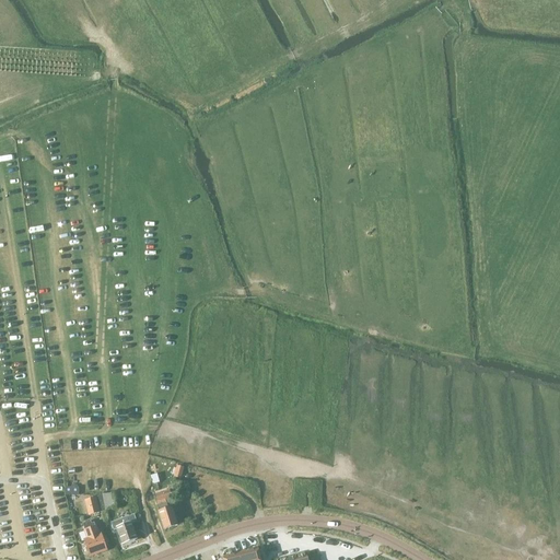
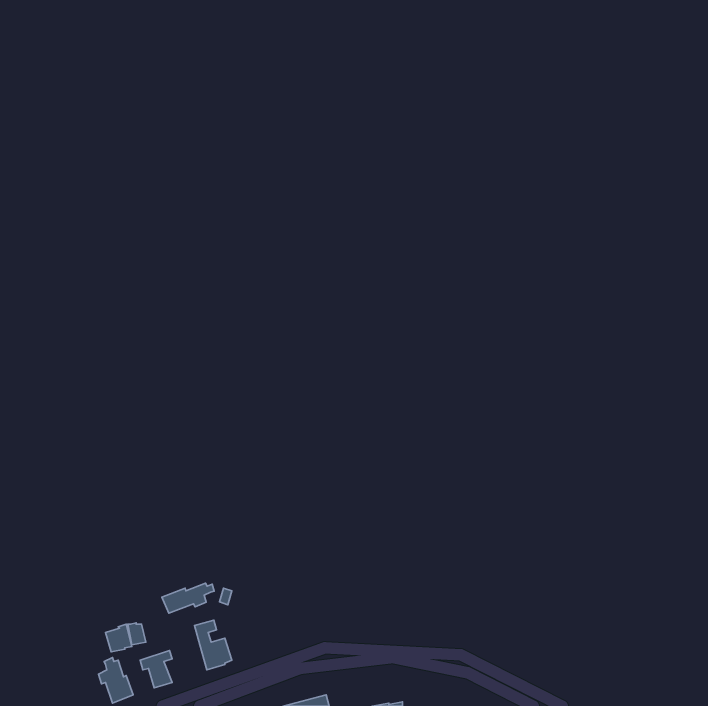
building: none -> [162,583,214,613]

